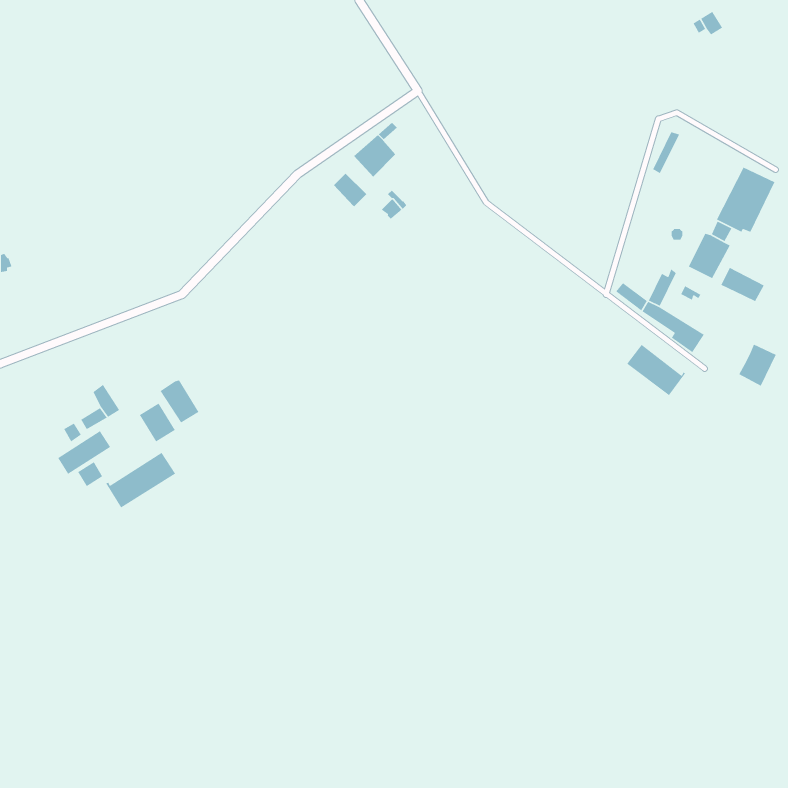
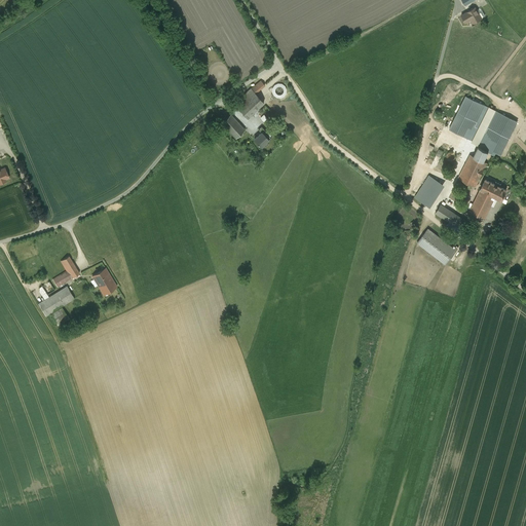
building: none -> [449,97,489,141]
building: [738,344,777,387] -> [469,190,495,219]
building: [160,379,199,423] -> none
building: [105,452,176,509] -> none

